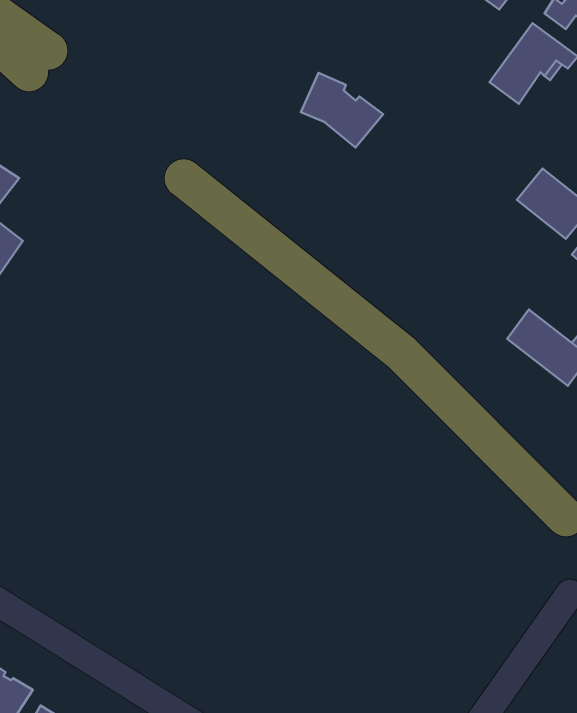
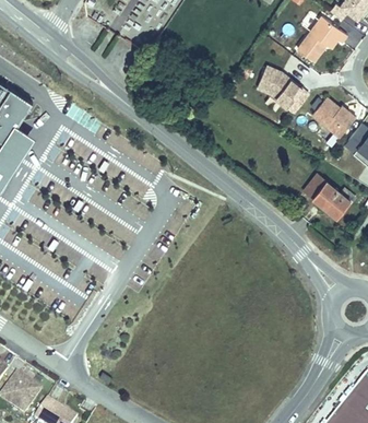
building: [301,73,383,147] -> [256,66,301,107]

